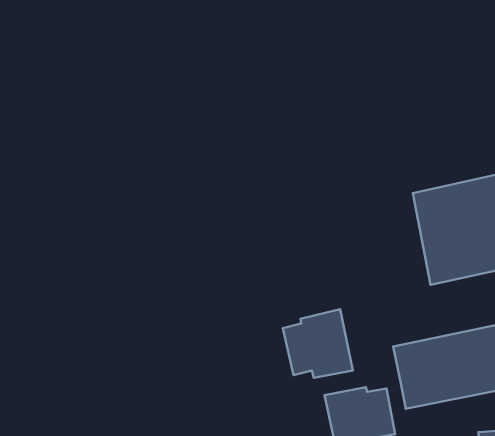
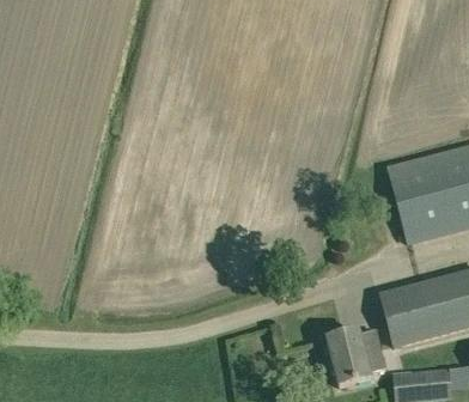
building: [283,309,353,378] -> none

